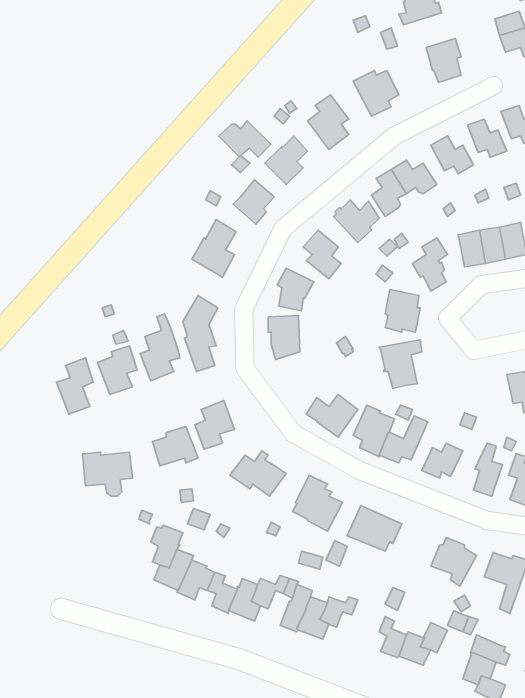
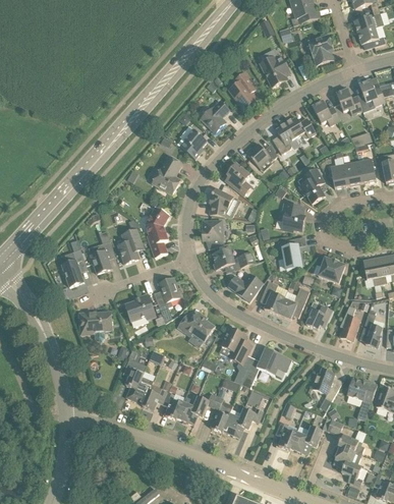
building: [219,121,271,157] -> none
building: none -> [213,247,255,268]
building: none -> [318,257,345,282]

